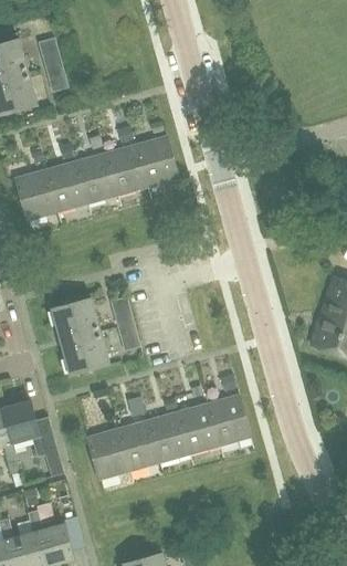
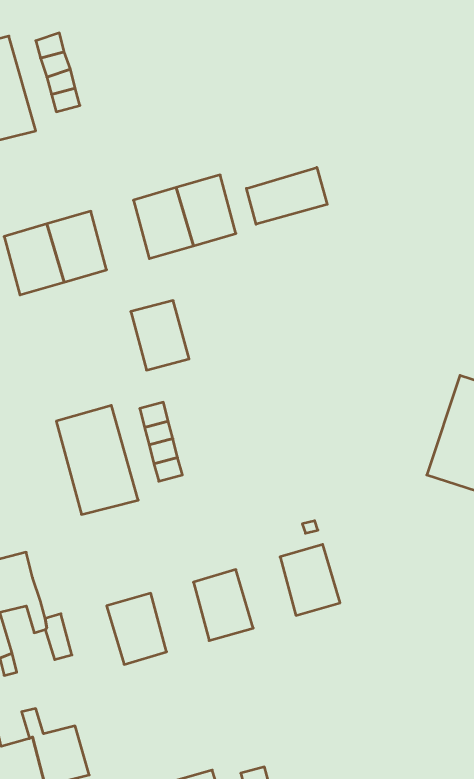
building: none -> [246,167,327,224]
building: [76,154,117,202] -> [131,301,189,370]
building: [178,403,220,453] -> none
building: [118,421,159,470] -> none

